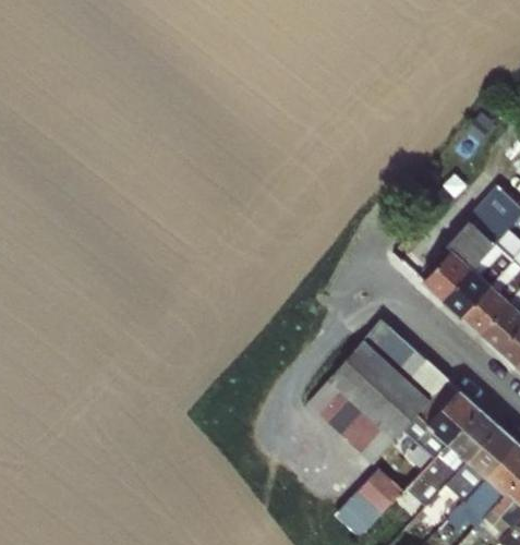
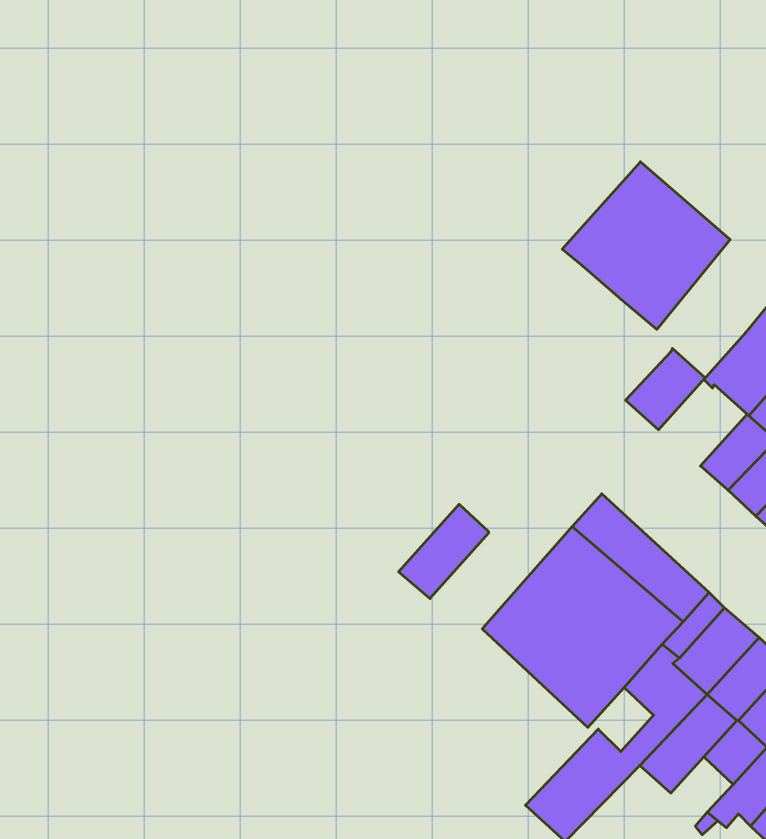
building: none -> [562,162,730,329]
building: [424,250,474,301] -> [626,348,705,430]
building: none -> [399,504,488,599]

